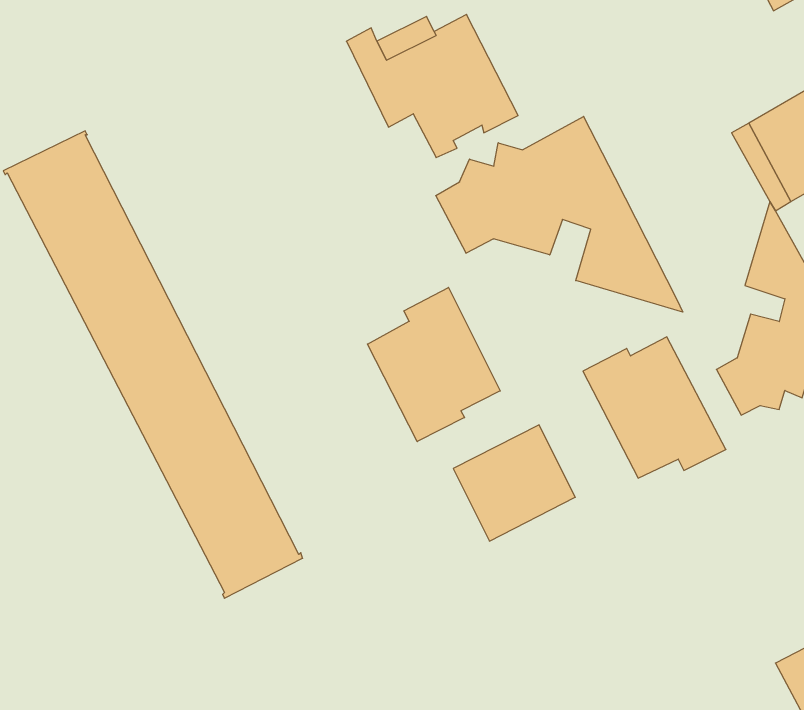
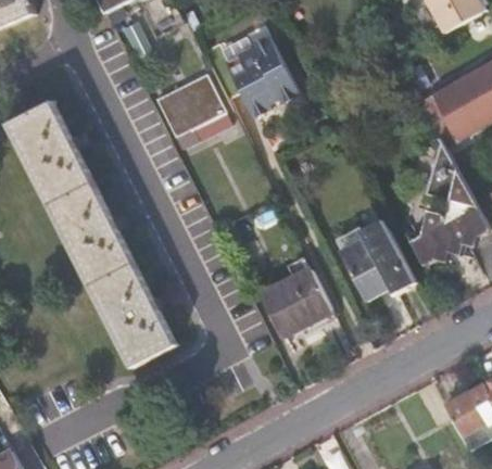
building: none -> [154,75,223,138]
building: [436,116,683,312] -> none
building: [367,287,500,442] -> none

